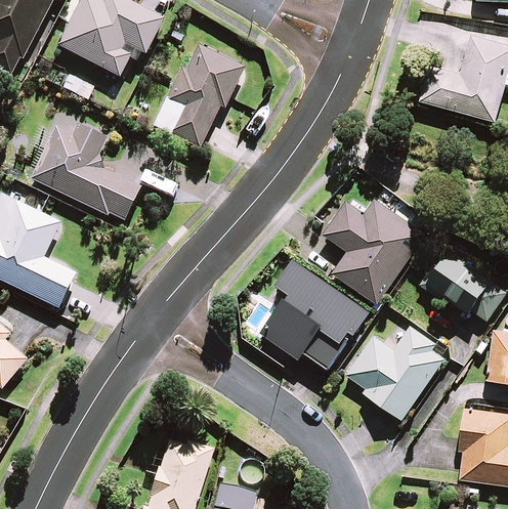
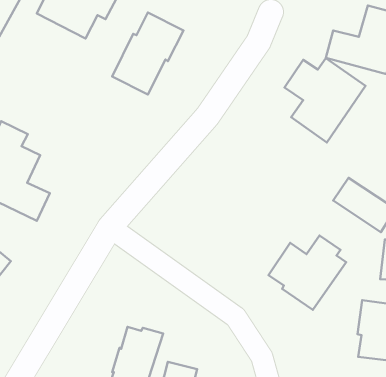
building: [27,125,136,222] -> none
building: [326,199,428,305] -> [285,58,366,142]
building: [264,259,372,370] -> none

